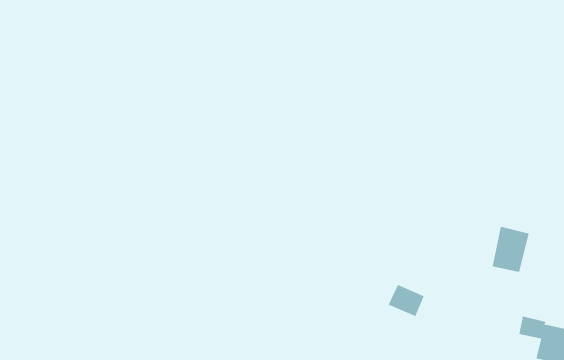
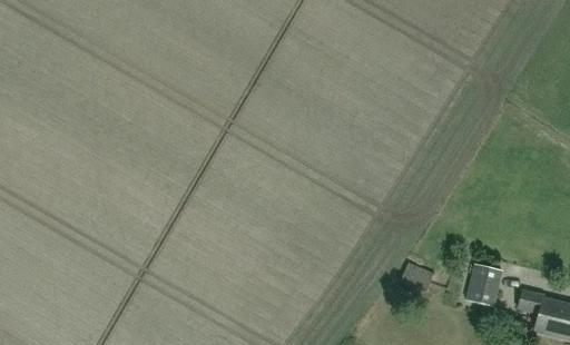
building: [492,226,530,273] -> [466,263,501,305]

